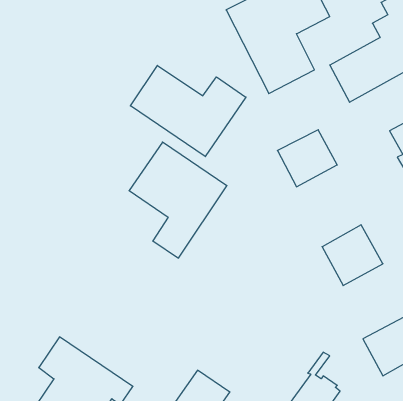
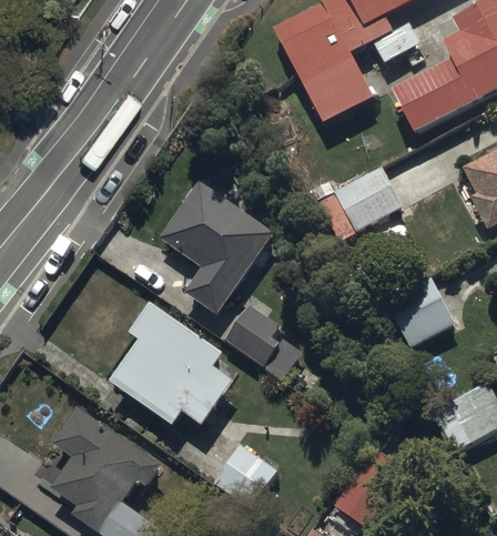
building: [130,65,246,157] -> none
building: none -> [110,303,235,426]
building: none -> [225,305,298,381]

